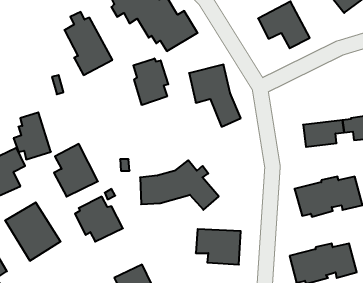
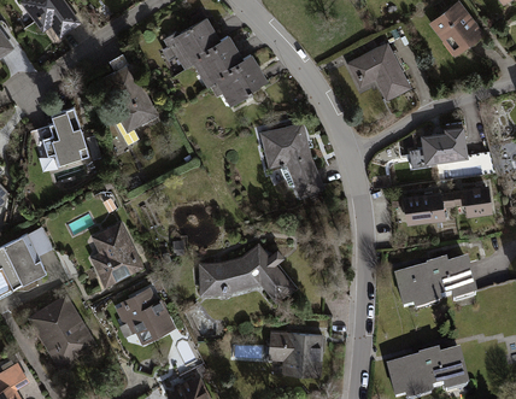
building: [133,58,168,105] -> none
building: none -> [409,127,468,169]
building: [14,112,51,159] -> [42,107,89,166]

